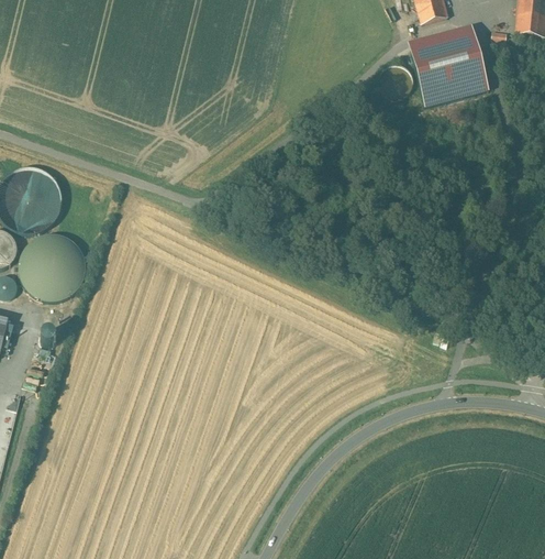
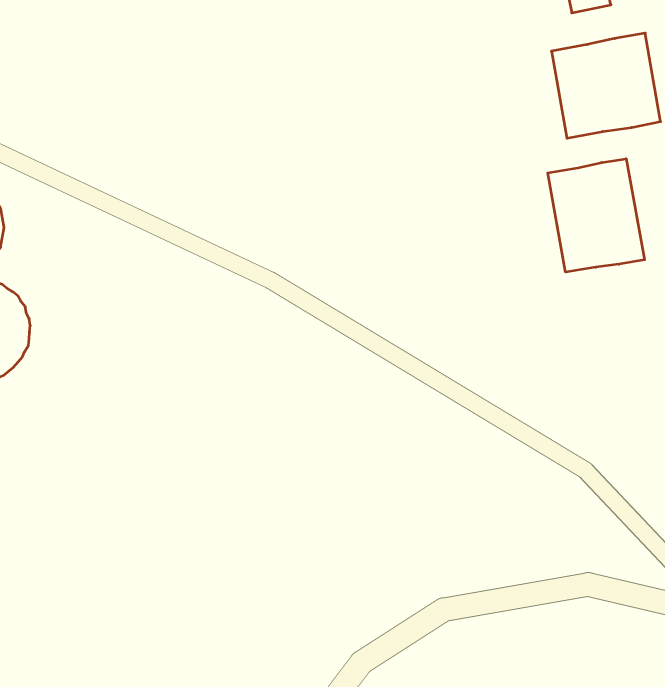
building: none -> [548,159,645,272]

